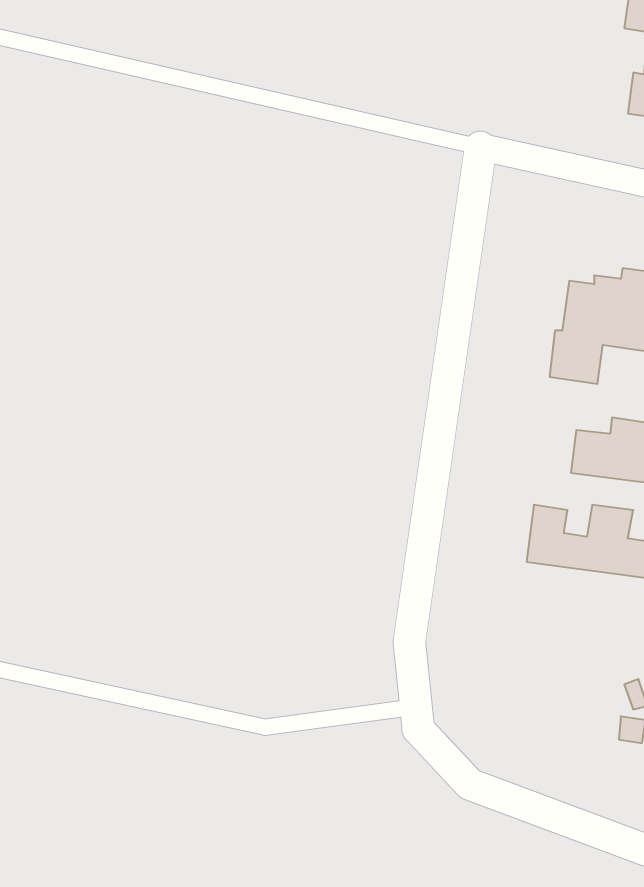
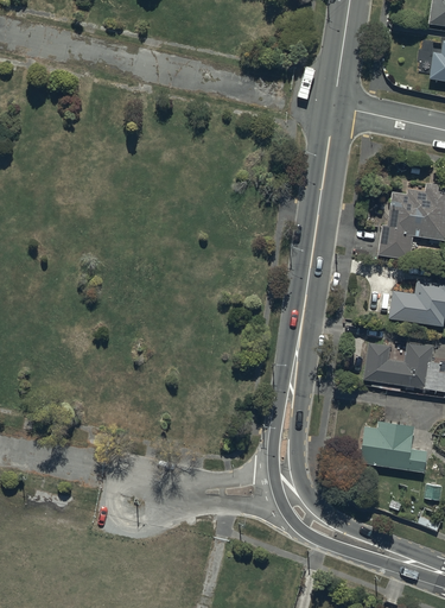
building: none -> [360,422,427,473]

